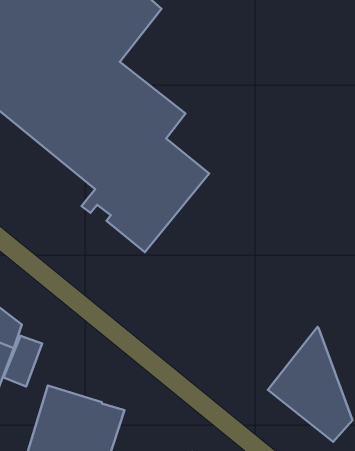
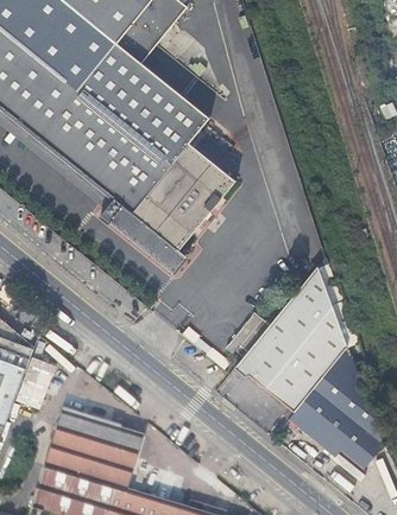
building: none -> [238,265,347,412]

